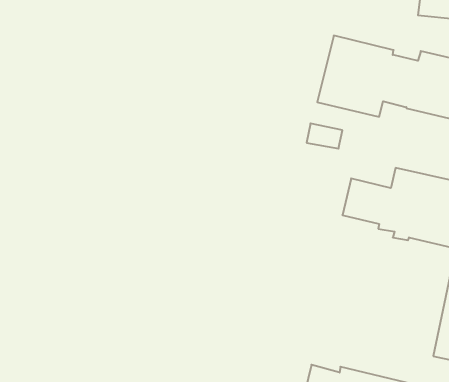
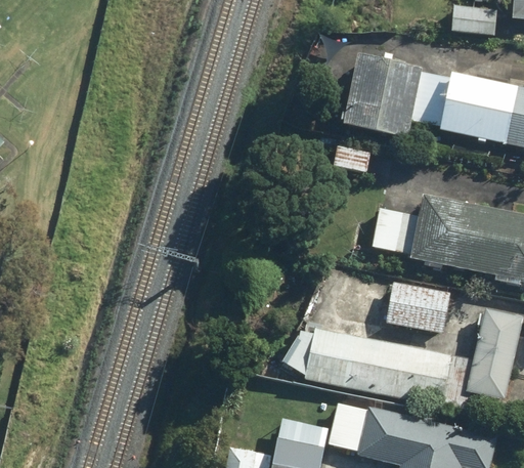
building: none -> [389,283,450,332]
building: none -> [303,327,449,405]

